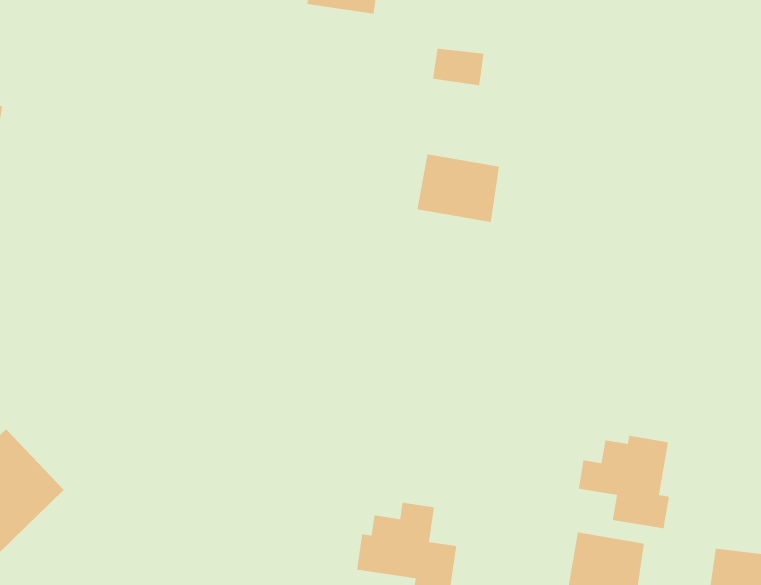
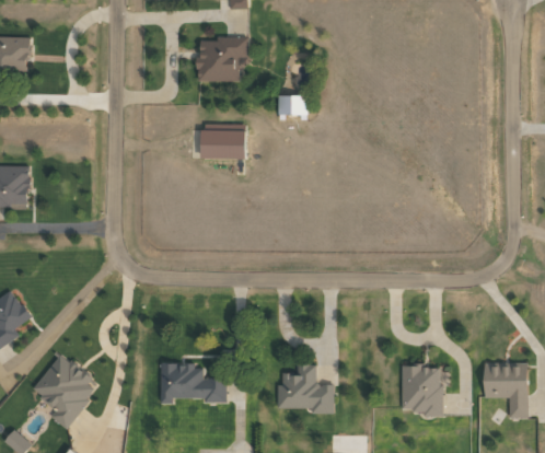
building: [417,153,500,223] -> [200,124,245,159]
building: [578,435,670,529] -> none
building: none -> [160,363,227,404]

